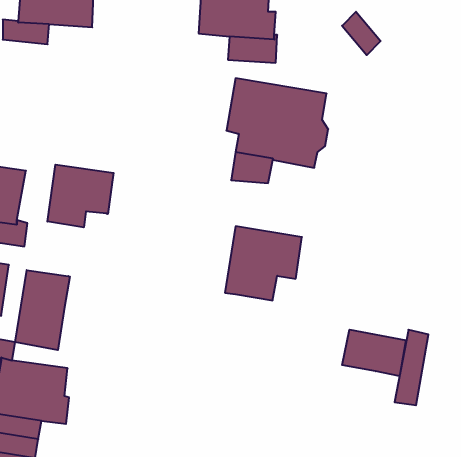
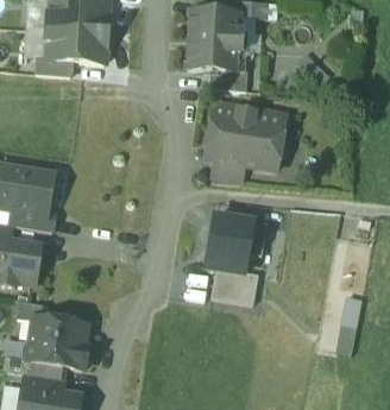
building: [47,165,114,227] -> none
building: [15,270,70,350] -> none
building: none -> [209,267,257,303]
building: [342,330,406,376] -> none

